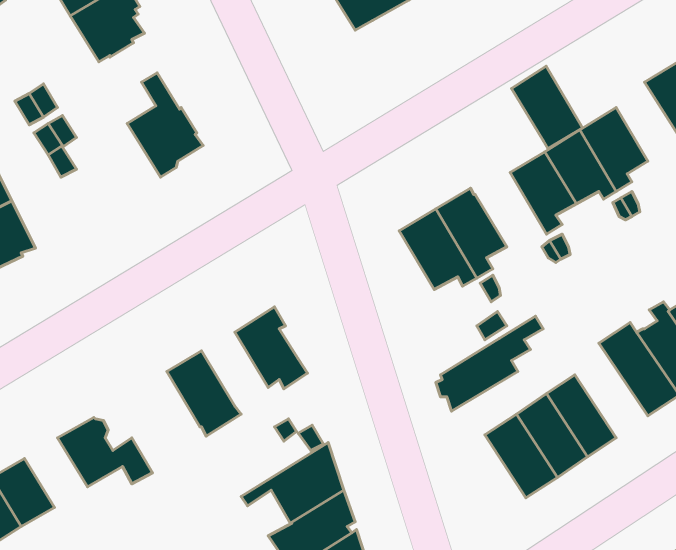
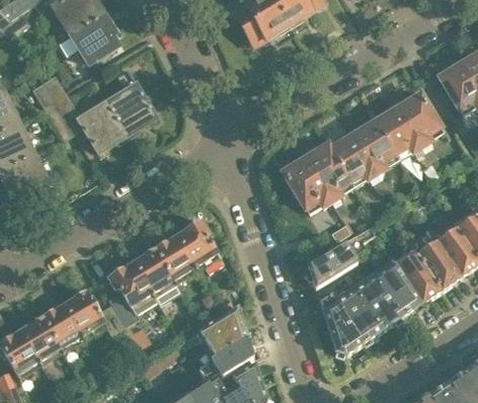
building: [511,66,583,149] -> [329,134,375,186]
building: none -> [78,102,128,152]
building: none -> [154,236,196,284]
building: none -> [392,243,440,304]
building: none -> [106,261,153,326]
building: none -> [316,286,362,354]
building: none -> [41,304,81,348]

